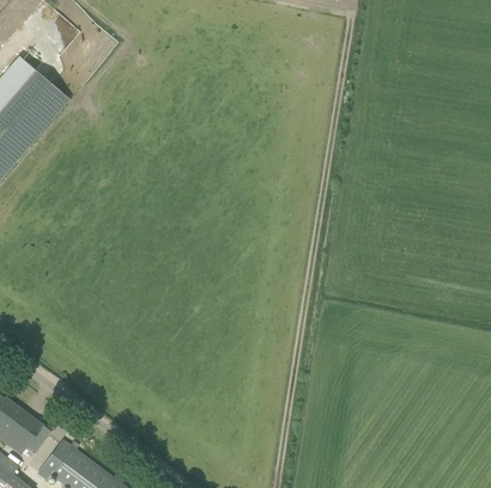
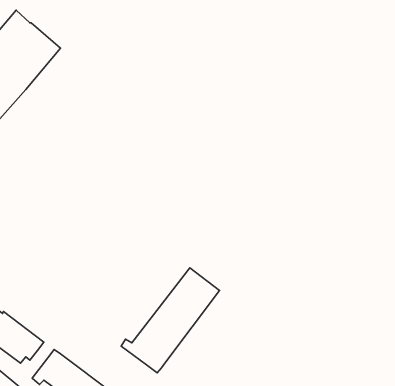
building: none -> [121,268,219,373]

